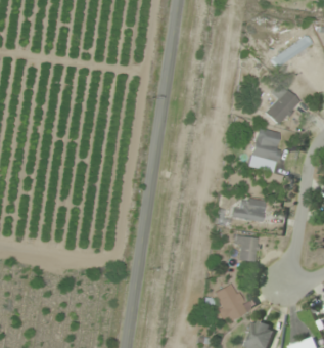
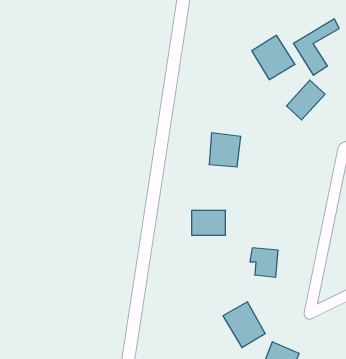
building: none -> [252,35,295,80]
building: [250,128,278,158] -> [209,133,241,167]
building: [232,198,262,219] -> [192,210,226,235]

